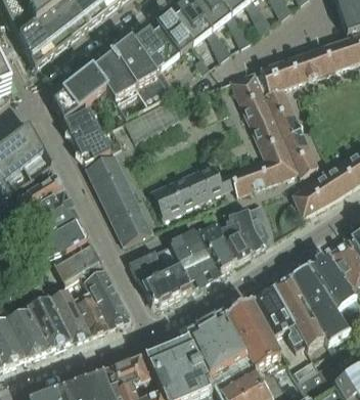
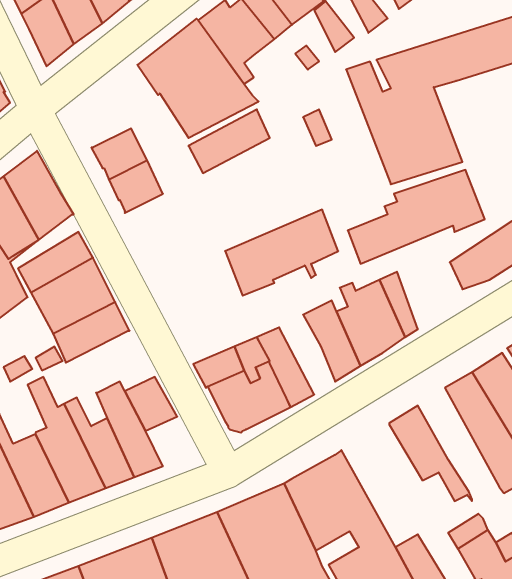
building: [52,66,106,120] -> none
building: [87,151,152,241] -> none
building: [184,229,220,278] -> none
building: [57,239,104,277] -> none
building: [273,274,325,346] -> none
building: [98,293,131,324] -> none
building: [225,299,283,374] -> none

